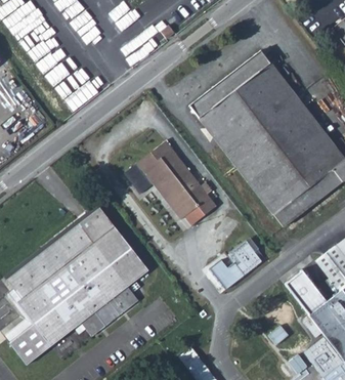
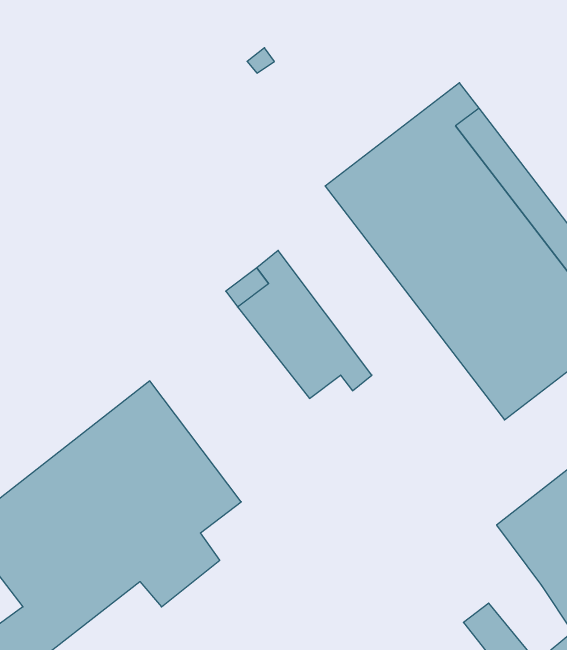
building: [209,245,261,293] -> none

